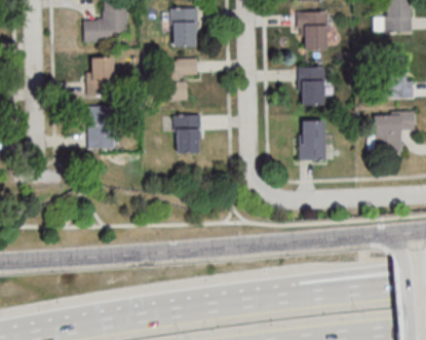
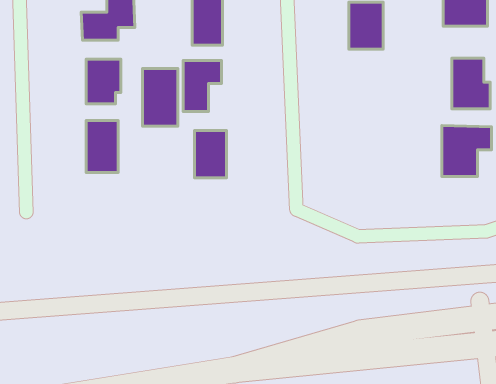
building: none -> [143,69,178,126]
building: [302,70,324,107] -> none
building: [301,121,325,161] -> none

